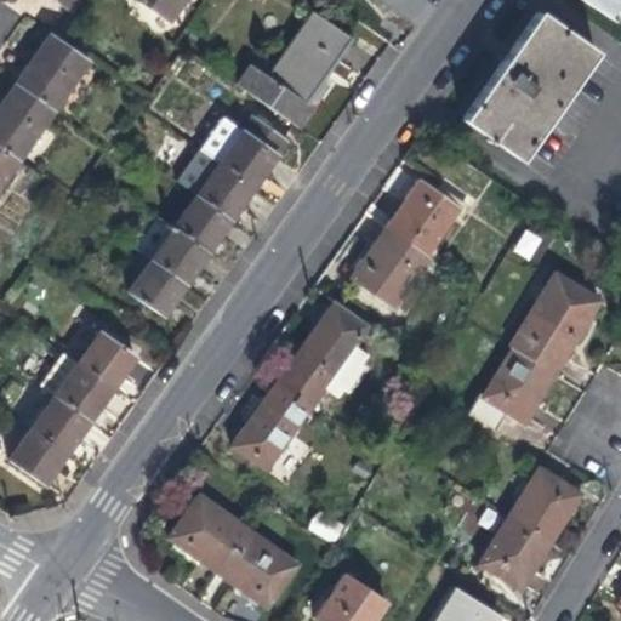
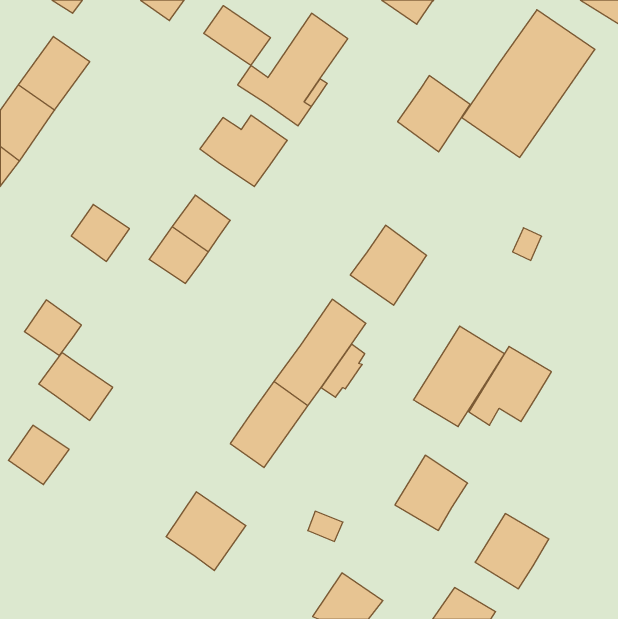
building: none -> [204,6,270,65]
building: [196,163,256,221] -> none
building: [387,180,460,256] -> [398,76,470,152]
building: [129,260,187,317] -> [71,204,129,261]
building: [508,272,599,372] -> [413,326,504,427]
building: [79,332,136,388] -> [24,300,81,356]
building: [34,395,91,450] -> none
building: [507,465,580,540] -> [395,455,468,530]
building: [216,526,298,606] -> none

